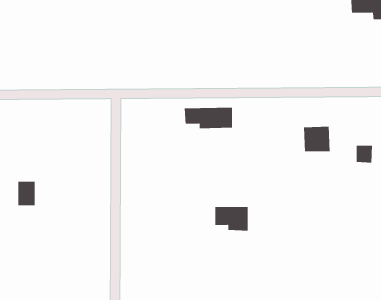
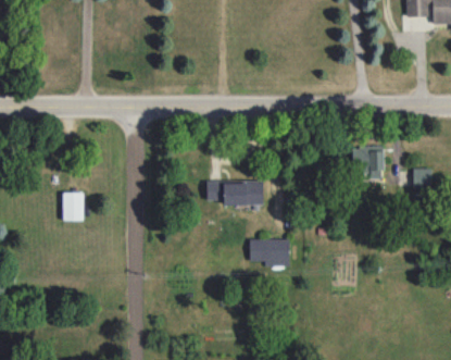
building: [184,107,233,129] -> [206,181,263,206]
building: [17,181,35,206] -> [63,193,84,221]

